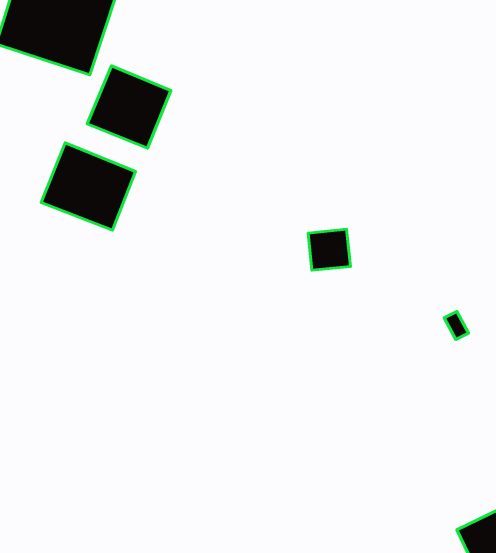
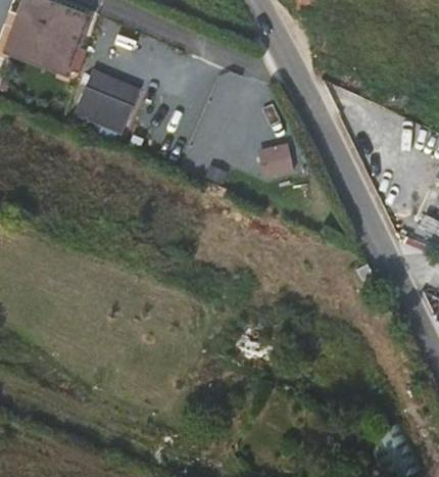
building: [41,143,135,230] -> none
building: [308,229,350,270] -> [259,142,293,175]

